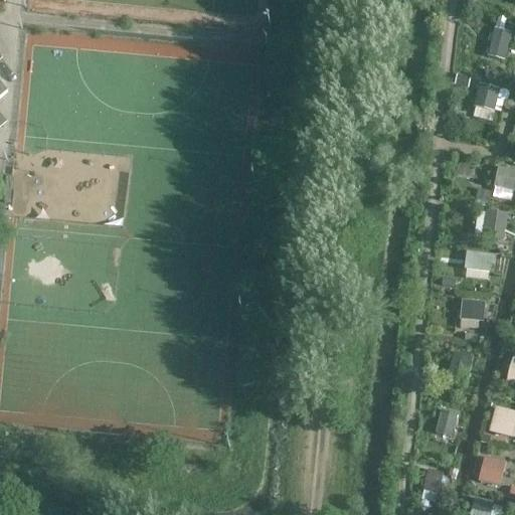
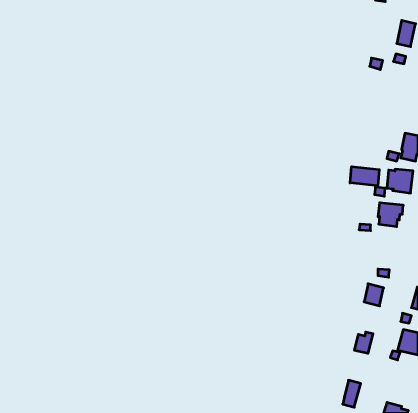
building: [473,80,500,119] -> none
building: none -> [350,167,379,186]
building: [460,298,486,320] -> none
building: [478,455,506,485] -> none

